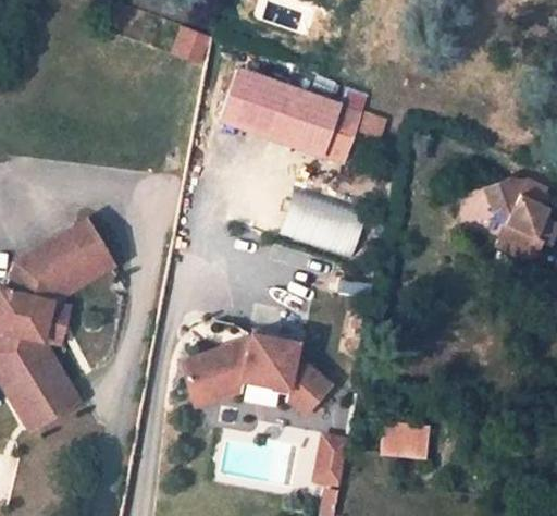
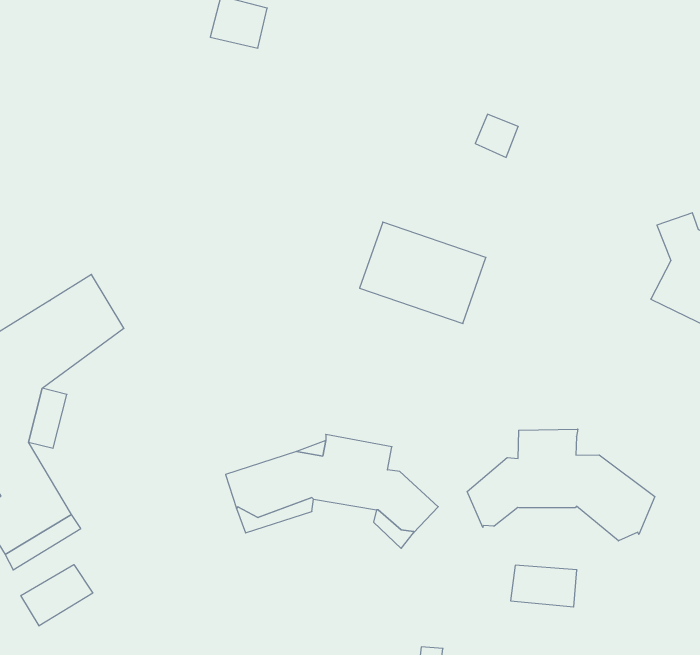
building: [225,71,364,163] -> none
building: none -> [467,429,655,541]
building: none -> [21,565,93,626]
building: [313,431,349,484] -> none

